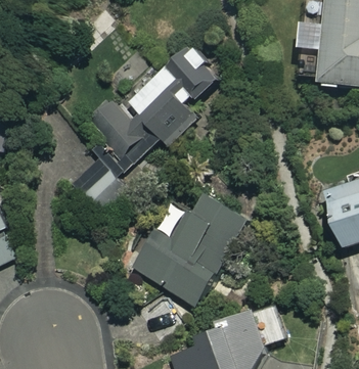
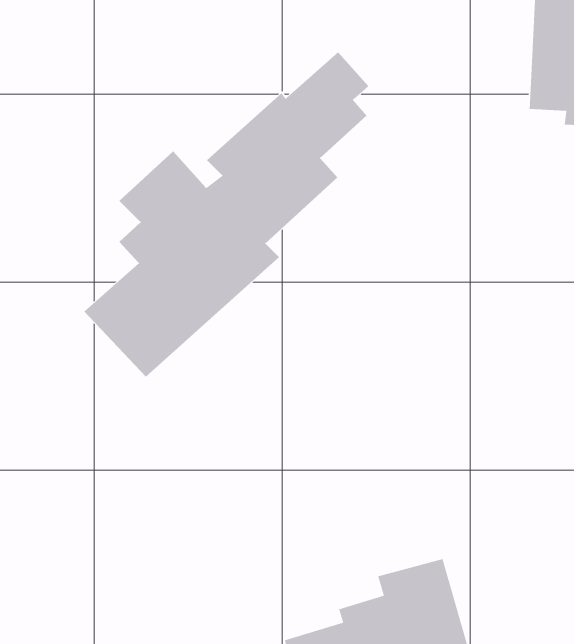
building: [131,195,251,307] -> none

